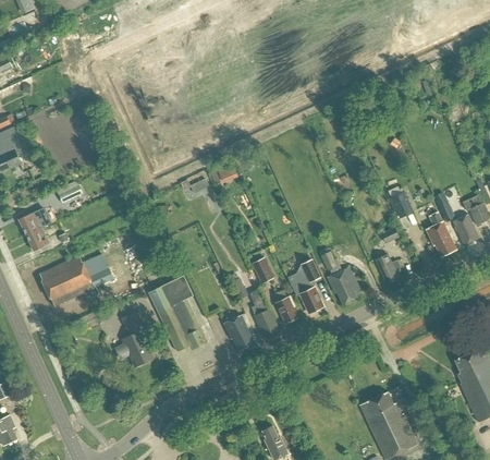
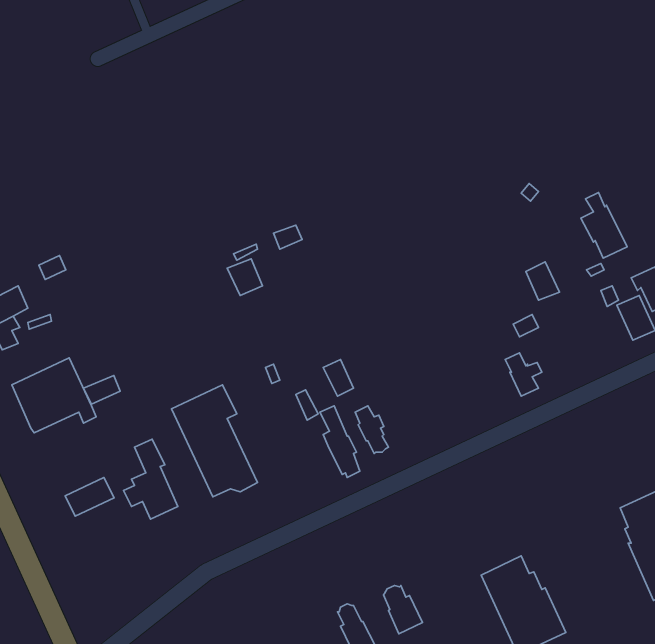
building: [425,211,456,256] -> [581,192,627,258]
building: [322,251,360,303] -> none
building: [287,258,323,313] -> none
building: [223,314,254,350] -> none
building: none -> [65,477,114,516]
building: none -> [383,586,422,634]

